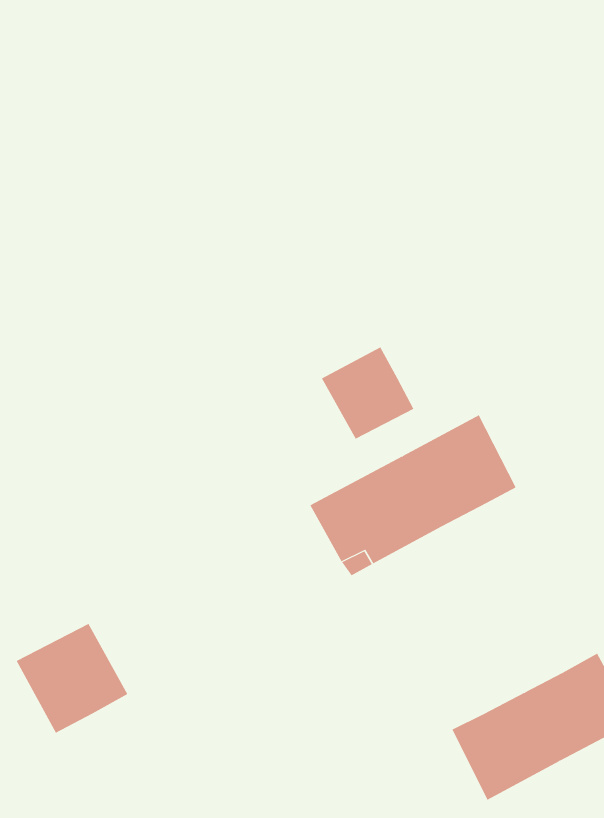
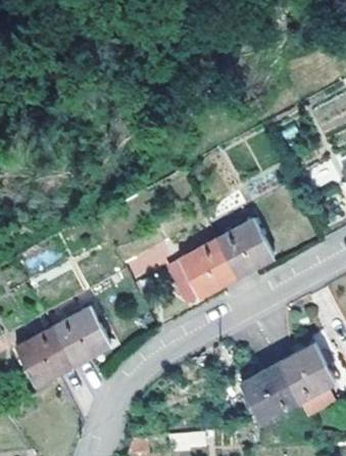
building: [321,346,414,440] -> none
building: none -> [52,307,109,364]

